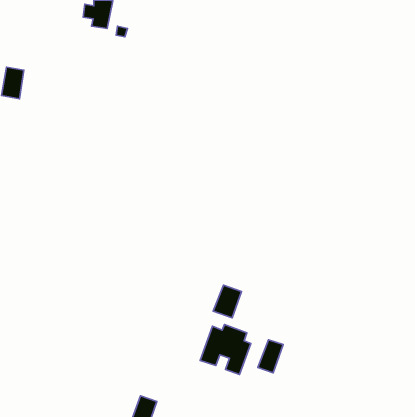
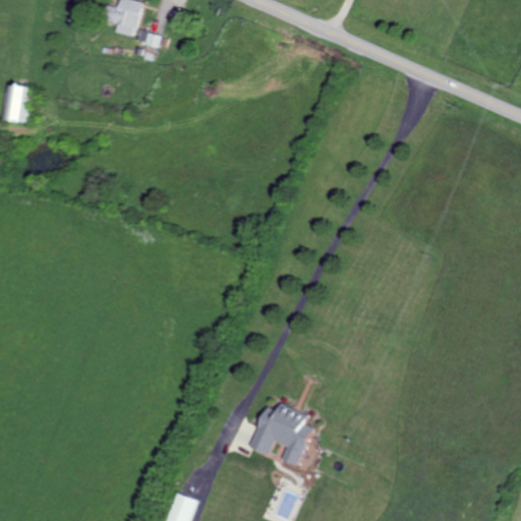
building: [213,285,242,318] -> none
building: [258,340,283,373] -> none

